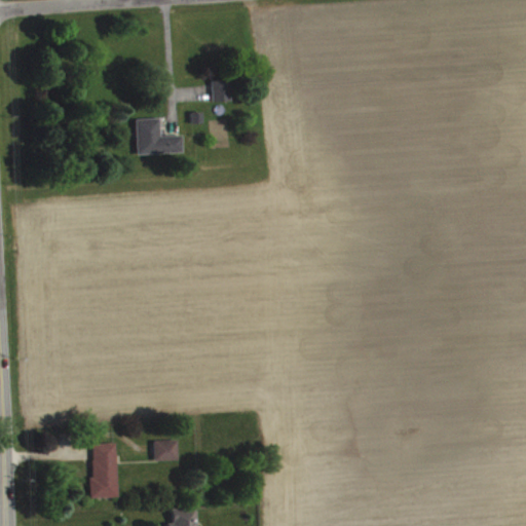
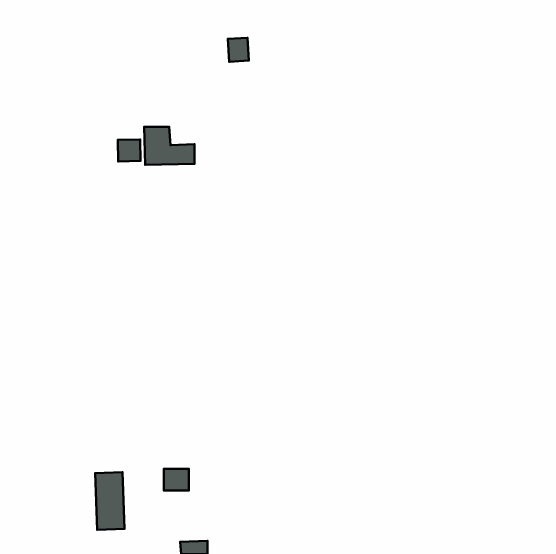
building: [212,80,231,103] -> [228,38,249,62]
building: none -> [118,139,141,161]

